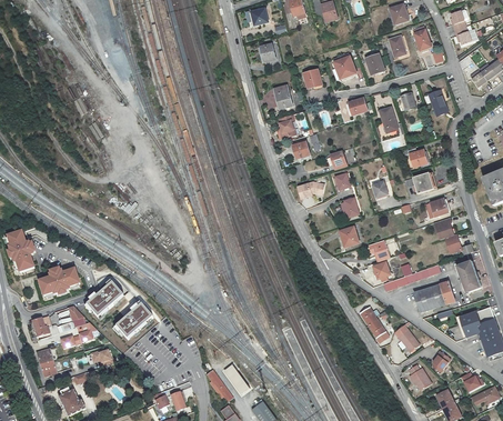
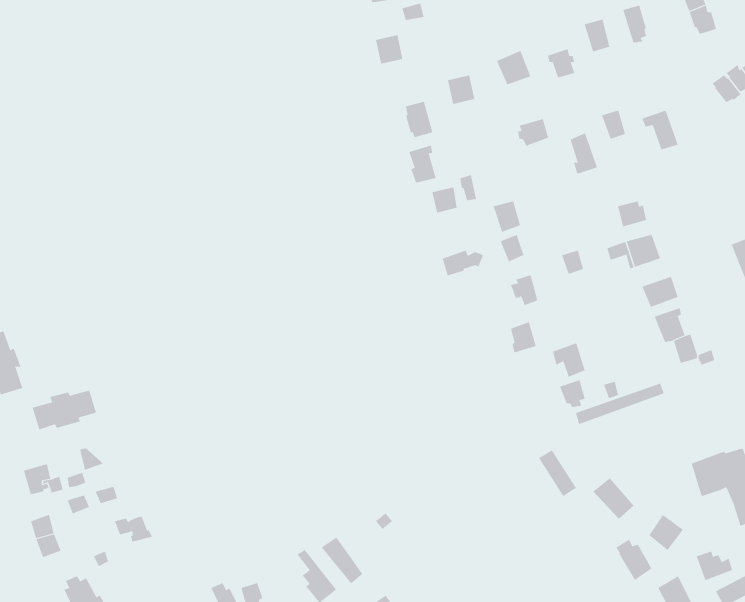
building: [457,253,482,293] -> none
building: [413,281,455,312] -> none
building: [88,283,124,318] -> none
building: [117,304,153,339] -> none

